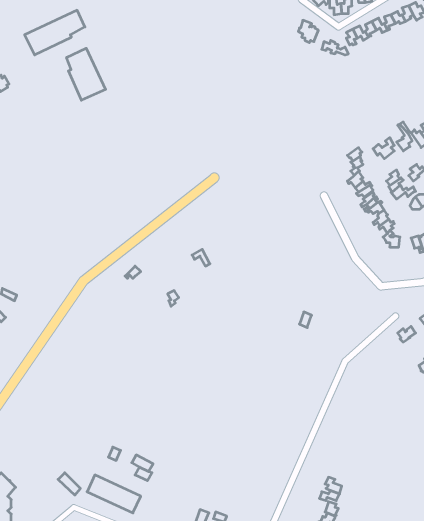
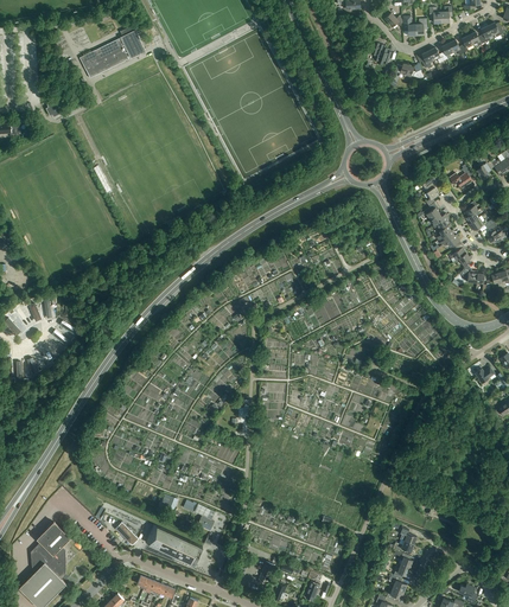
building: [67,48,106,100] -> none

